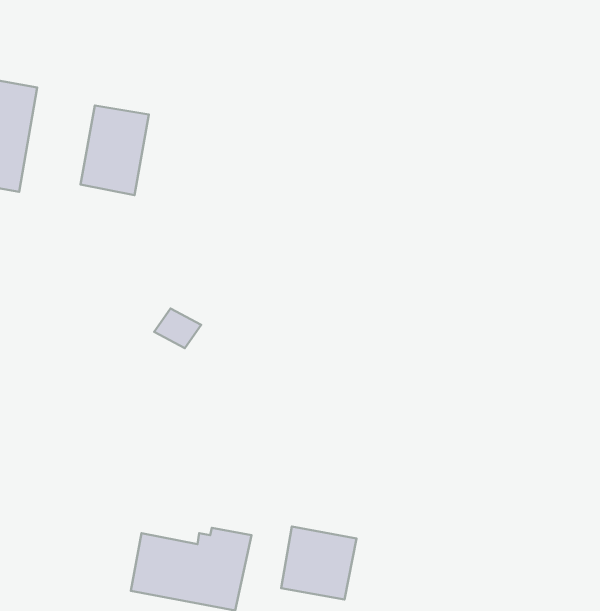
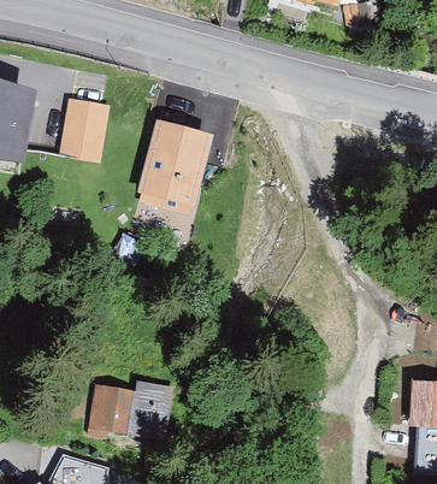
building: none -> [138,131,202,212]
building: [281,526,357,600] -> none

